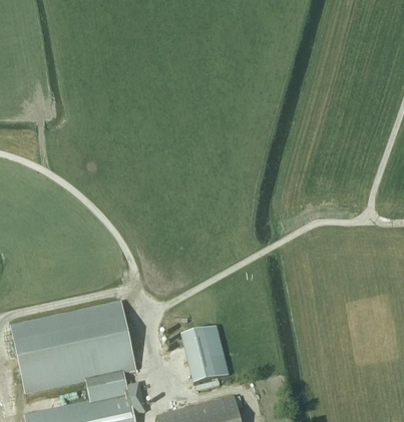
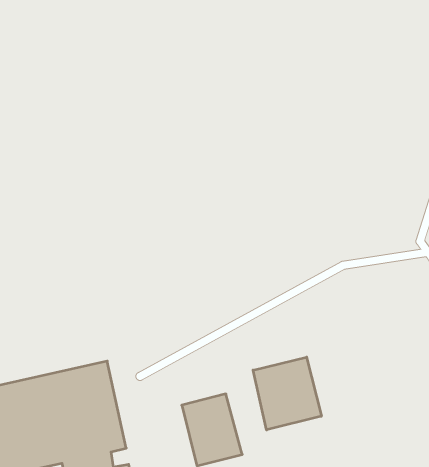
building: none -> [253,357,321,430]

